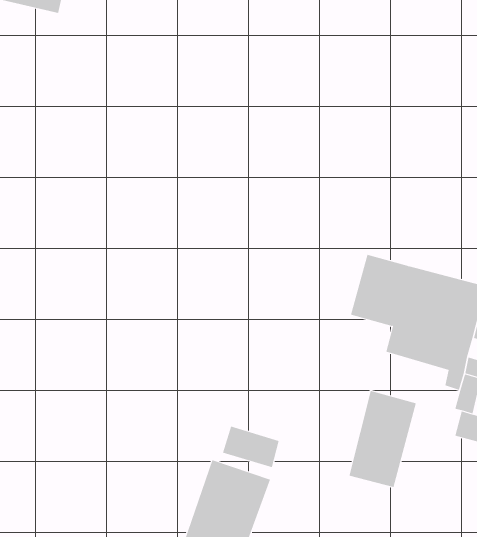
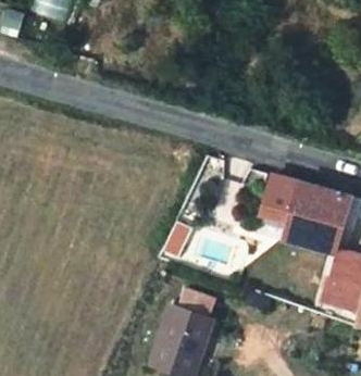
building: [349,390,417,488] -> none

